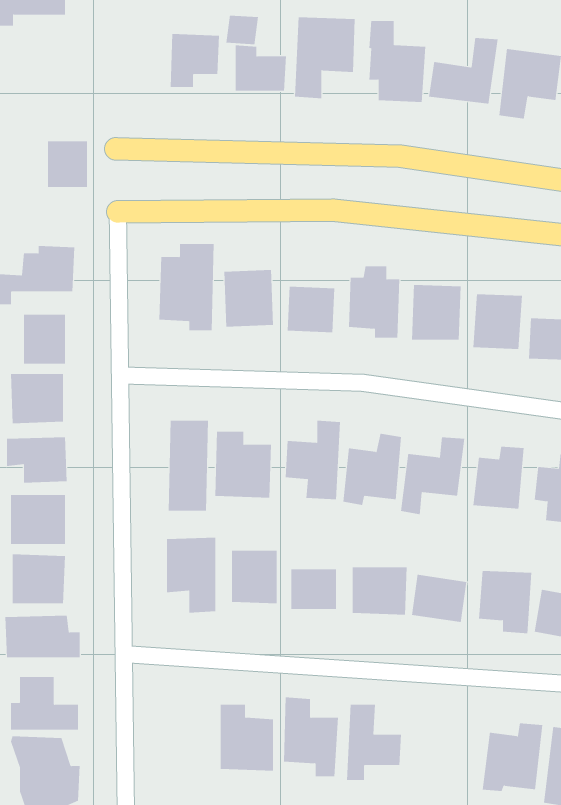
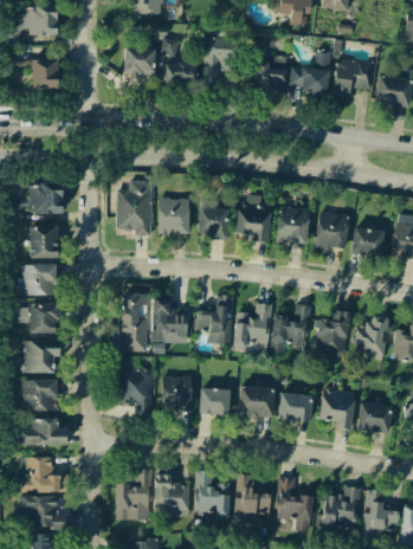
building: [47,141,88,187] -> [32,59,58,89]
building: none -> [116,469,150,519]
building: none -> [276,477,314,530]

